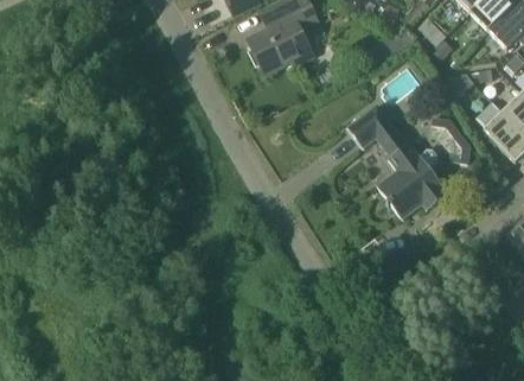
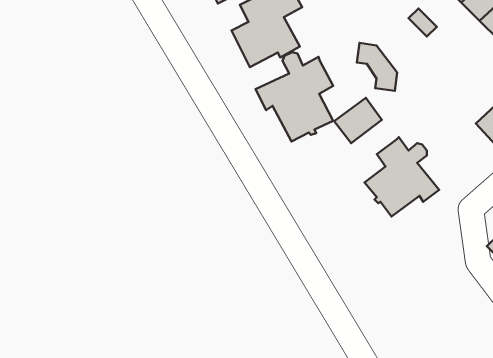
building: none -> [256,52,333,142]
building: [430,116,469,163] -> [357,43,397,91]

